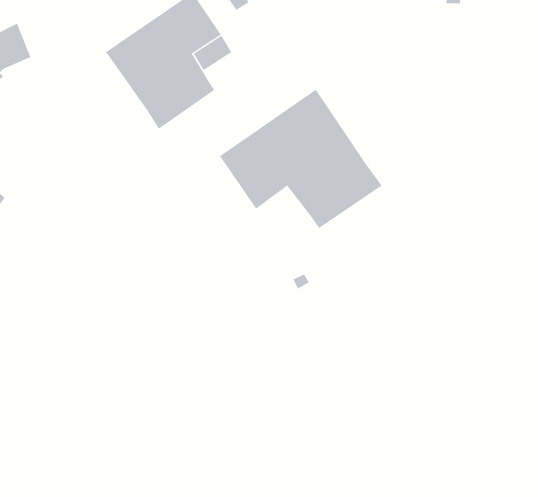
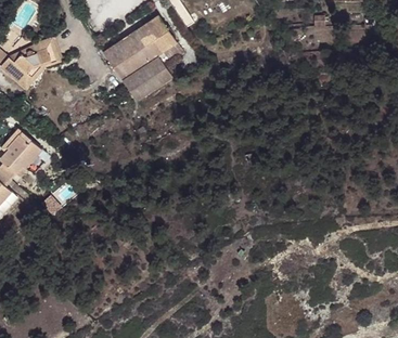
building: [219,89,383,229] -> none

